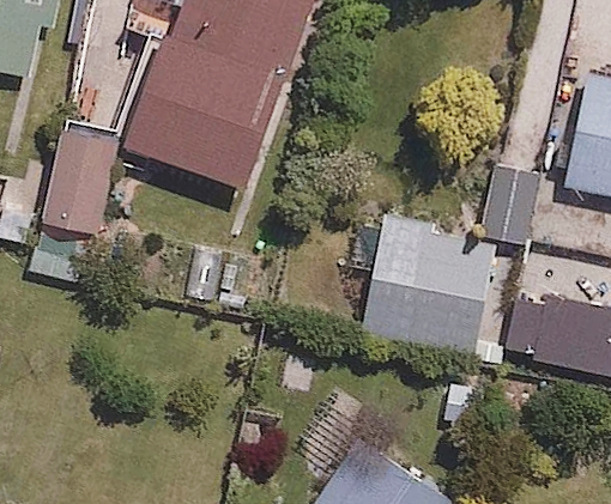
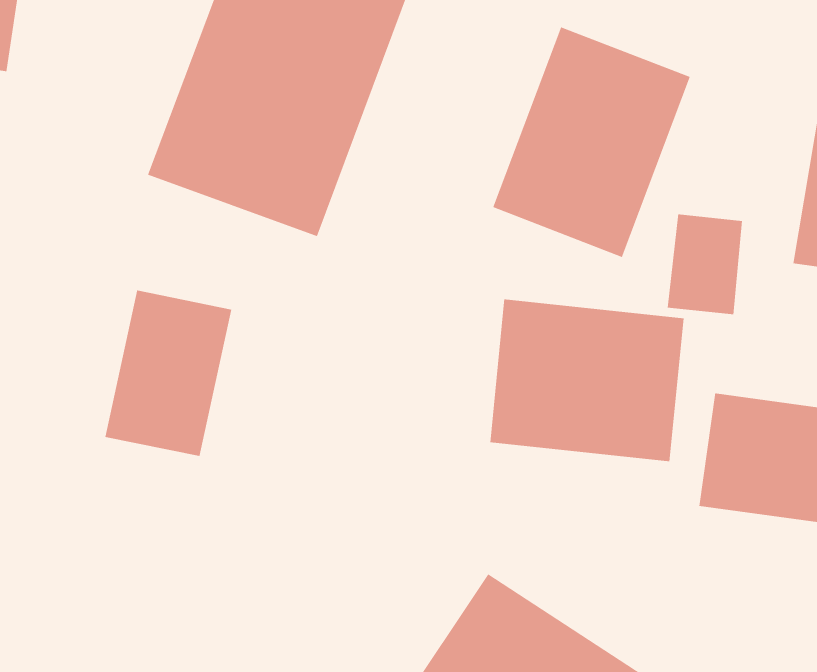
building: none -> [493,26,690,258]
building: [38,122,125,235] -> [105,290,232,457]

